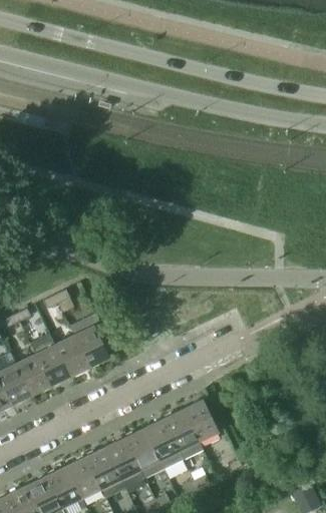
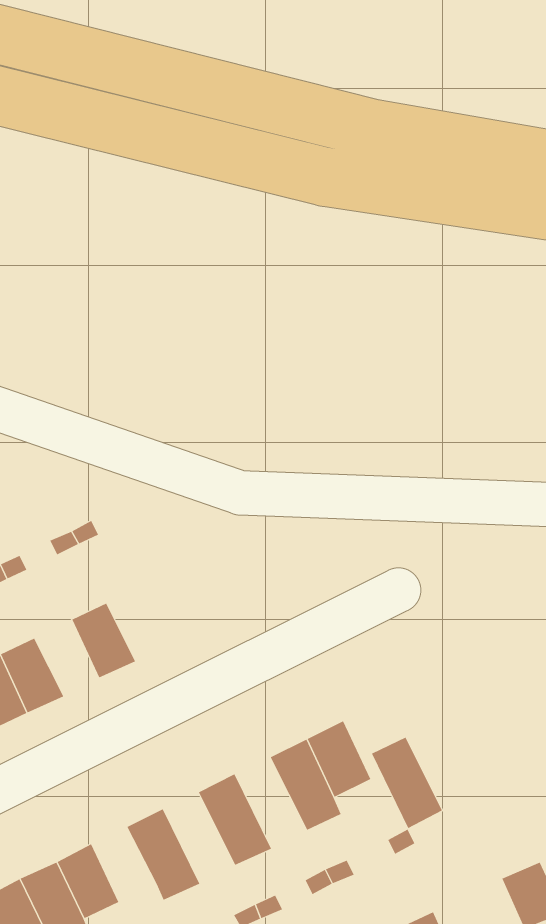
building: [69,315,109,368] -> none
building: [29,335,69,387] -> none
building: [143,420,183,470] -> [371,737,443,829]
building: [104,439,143,489] -> none
building: [65,458,100,499] -> none

